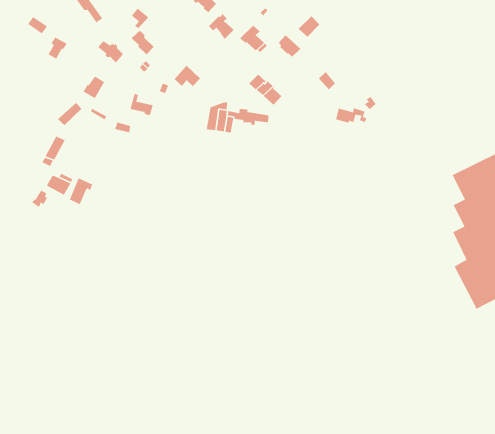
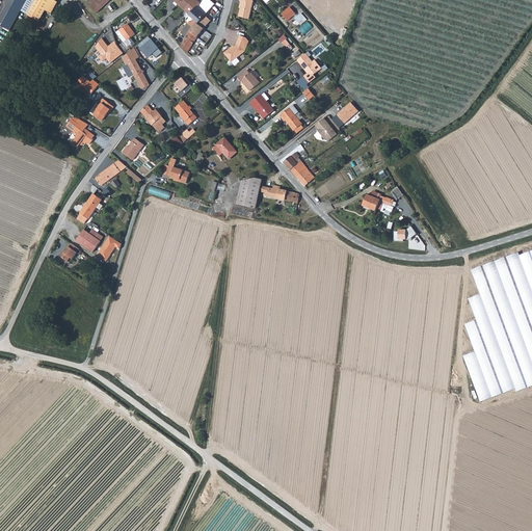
building: none -> [65,116,94,148]

